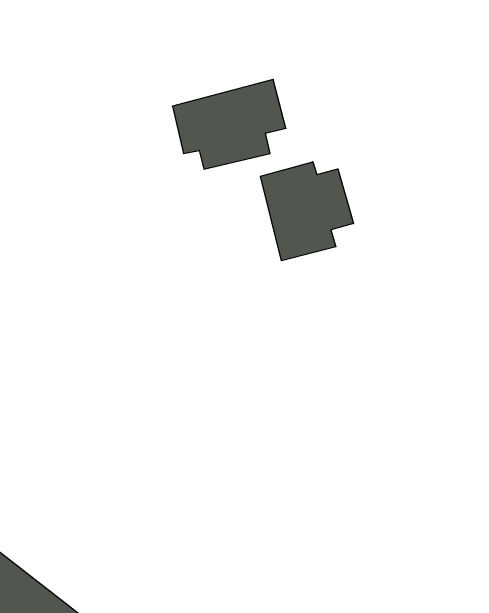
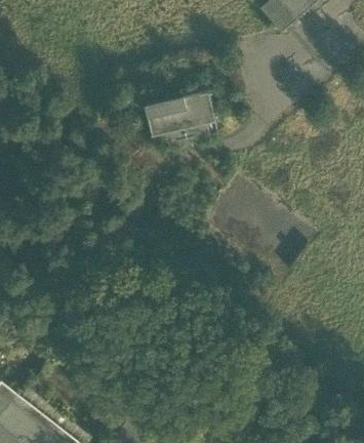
building: [261,162,354,261] -> none

